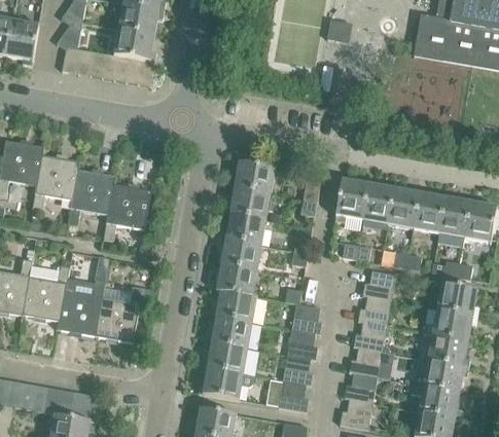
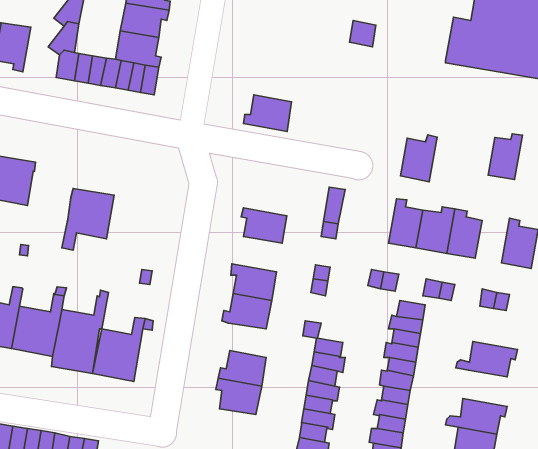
building: [32,154,78,211] -> none
building: [230,161,274,194] -> [244,95,292,132]
building: [335,177,368,219] -> [400,135,437,182]
building: [103,185,150,240] -> none
building: [439,195,470,236] -> [488,134,522,180]
building: [220,213,265,245] -> none
building: [437,284,478,315] -> none
building: [216,291,255,322] -> none
building: [428,333,469,366] -> none
building: [199,368,253,400] -> none

